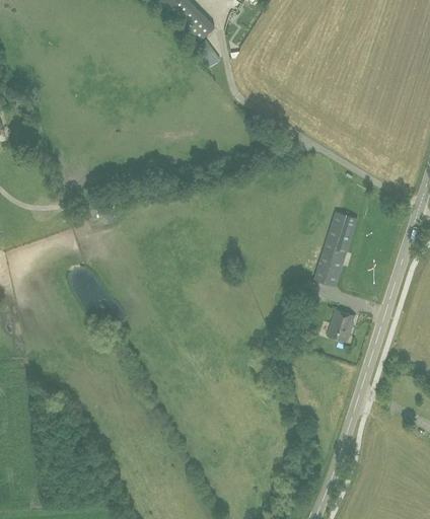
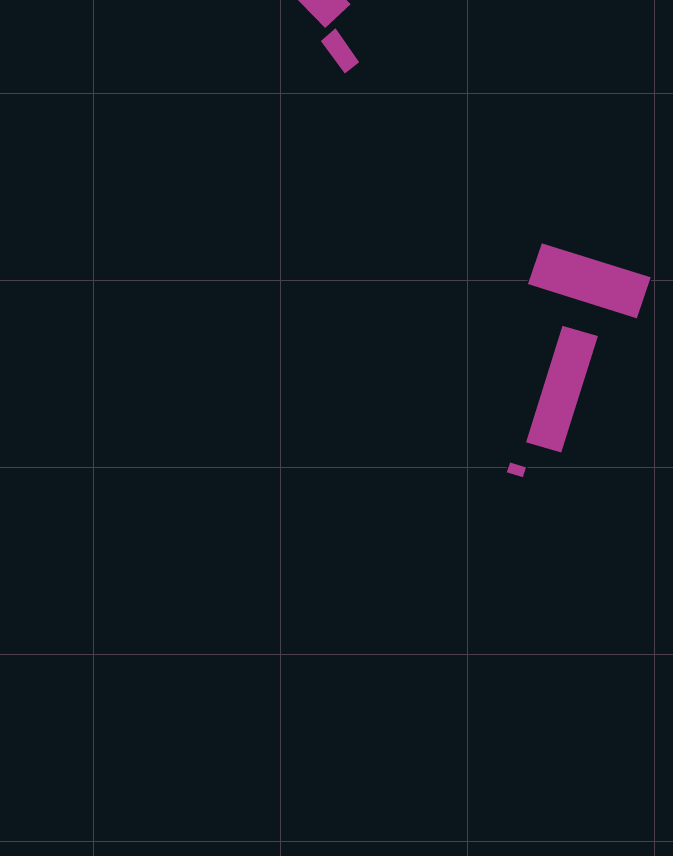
building: none -> [527,242,651,319]
building: [327,308,353,340] -> none

